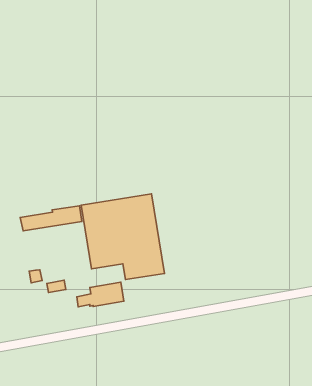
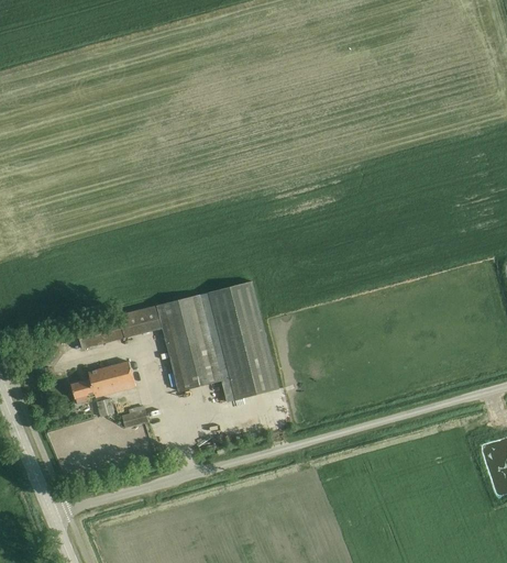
building: [77,282,124,307] -> [71,361,135,399]

